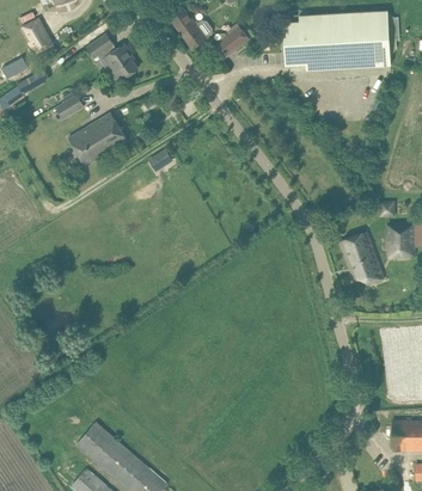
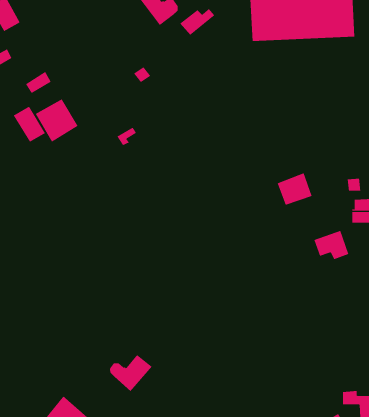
building: [87,33,137,80] -> none
building: [94,112,128,149] -> [13,106,46,143]
building: [340,231,375,264] -> [277,172,313,206]
building: none -> [110,354,152,392]

